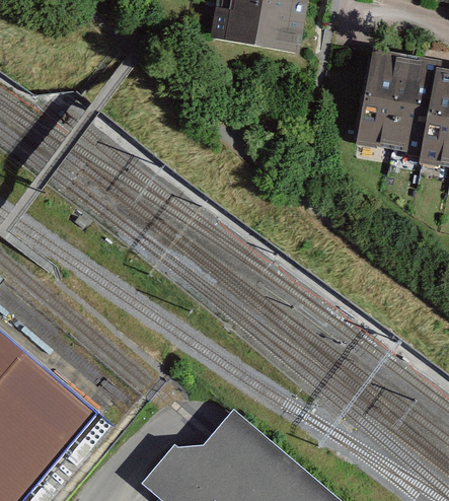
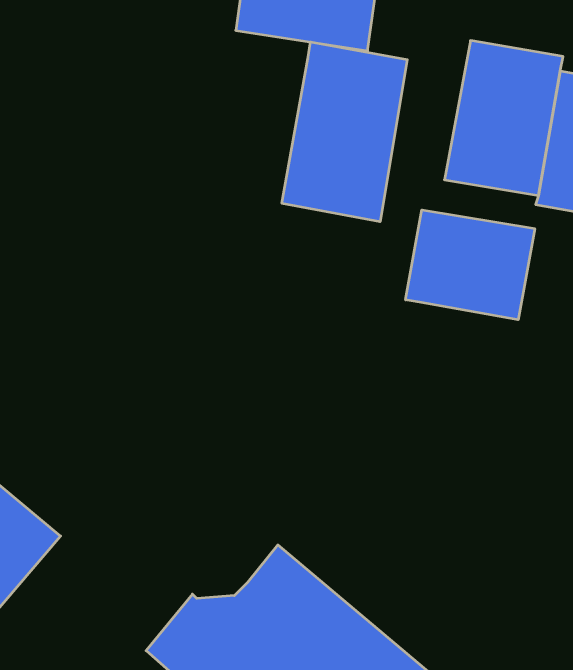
building: none -> [282,42,407,222]
building: none -> [406,210,535,320]

